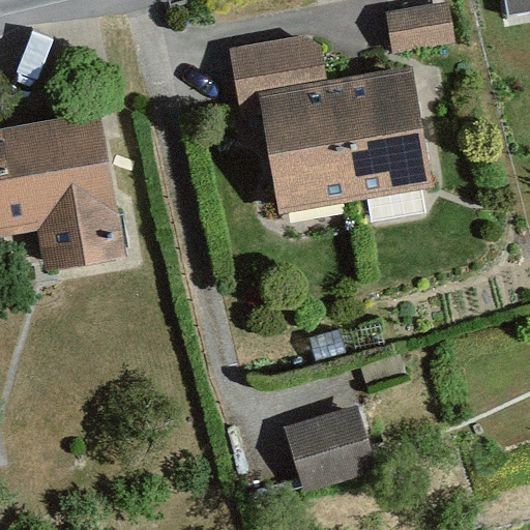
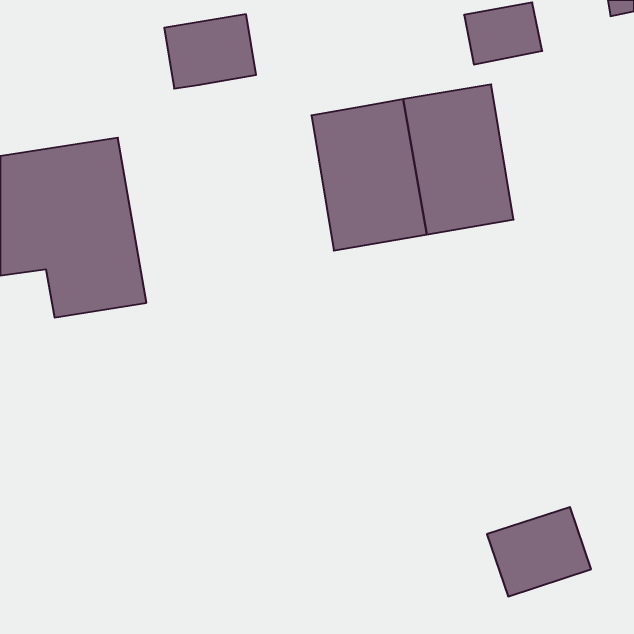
building: [231,37,307,99] -> [164,14,256,89]
building: [288,415,375,490] -> [487,507,591,596]

